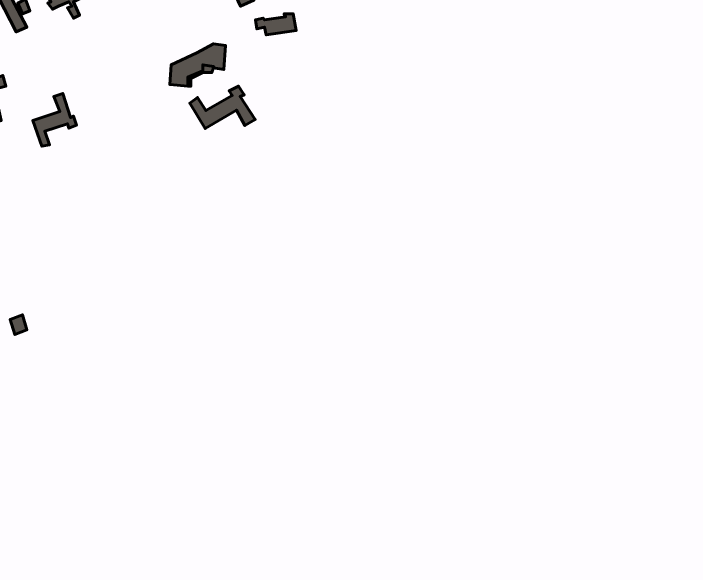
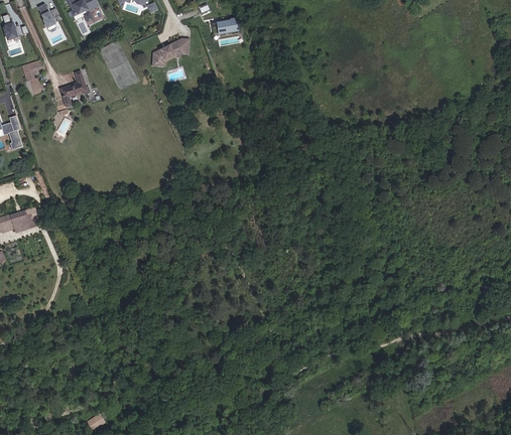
building: [190,86,255,128] -> none

